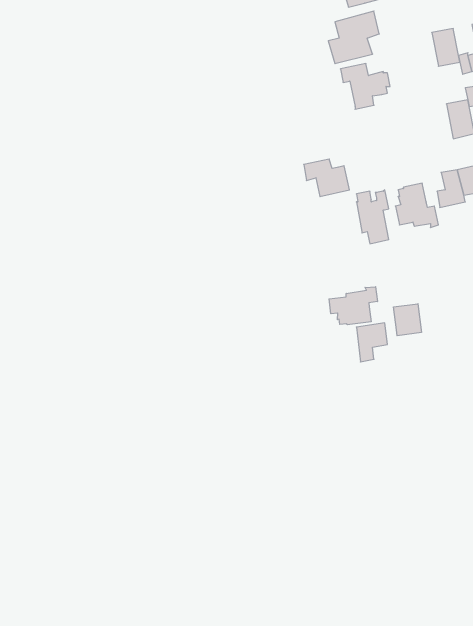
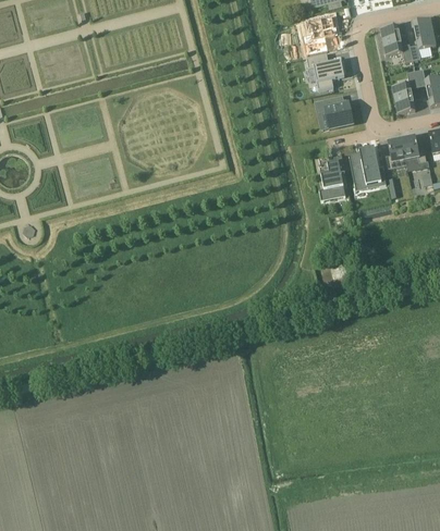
building: [304,159,349,197] -> [316,97,353,127]
building: [329,287,377,325] -> none
building: [394,304,421,336] -> none

